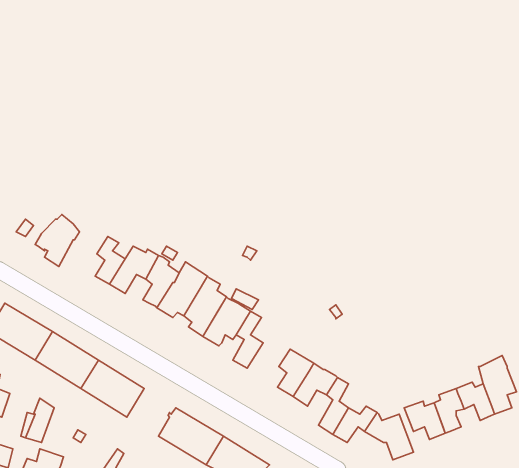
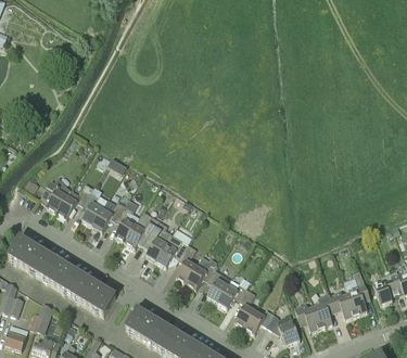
building: none -> [56,188,90,219]
building: none -> [186,256,217,289]

